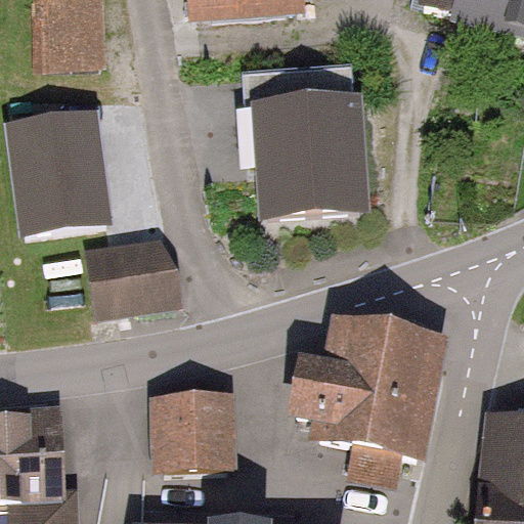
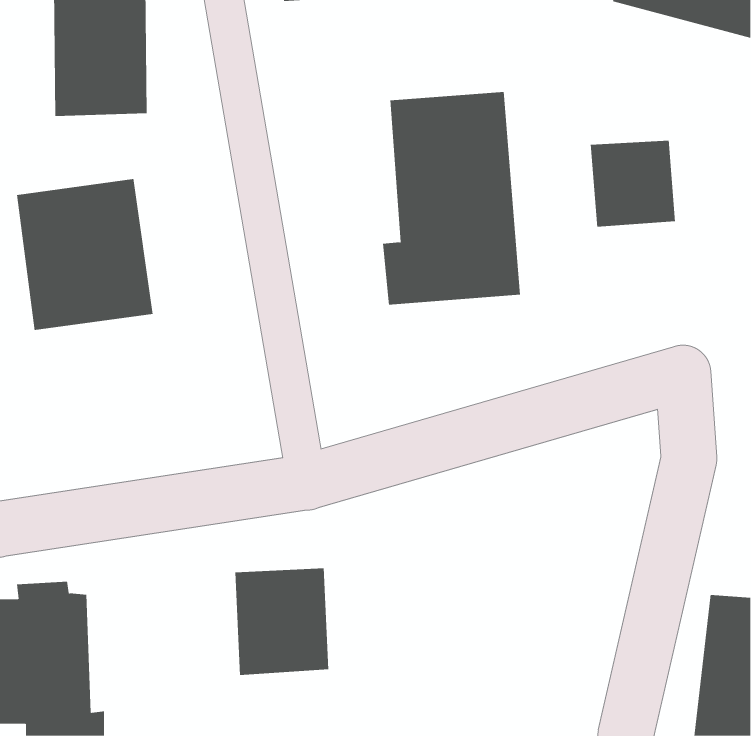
building: none -> [590,140,675,228]
building: [89,242,179,307] -> none
building: [296,324,438,478] -> none

